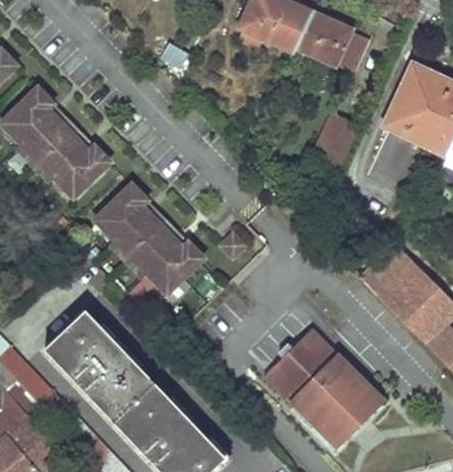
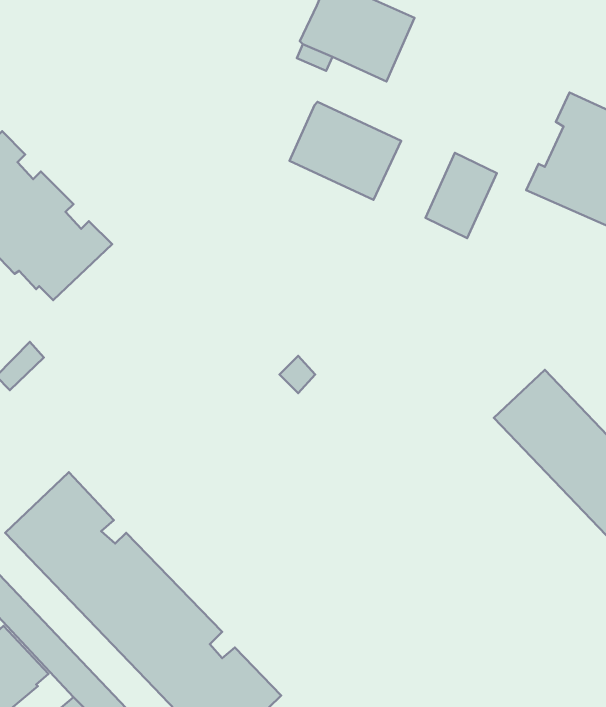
building: [294,11,367,75] -> [290,102,401,200]
building: [97,184,206,294] -> none
building: [265,327,382,447] -> none

